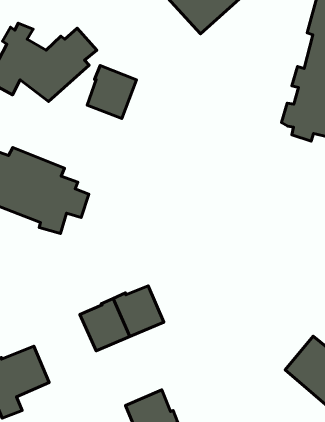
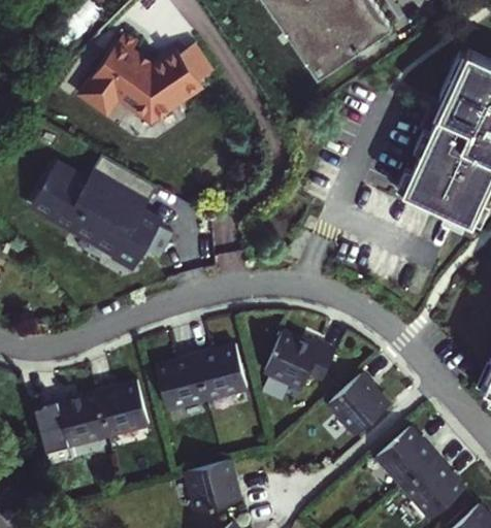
building: [87,66,136,119] -> none
building: none -> [262,331,336,397]
building: none -> [327,375,394,441]
building: none -> [91,383,143,436]

